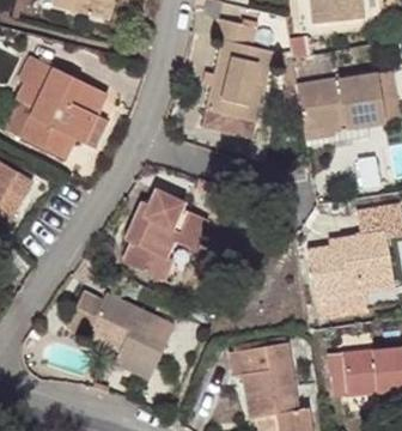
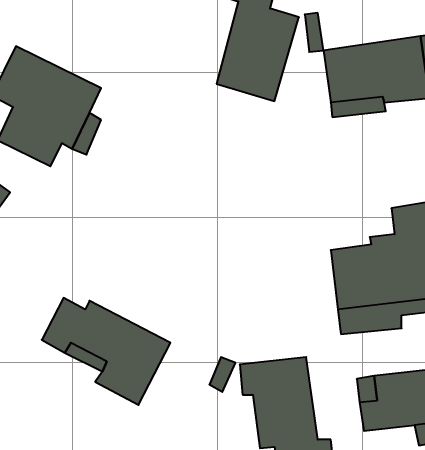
building: [134,192,217,284] -> none

